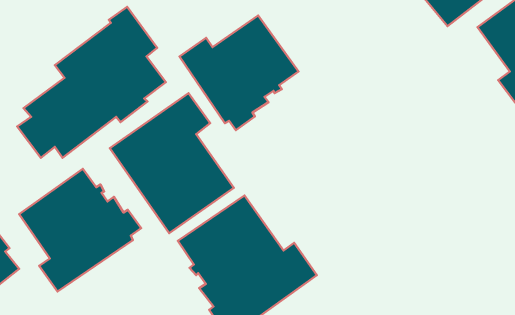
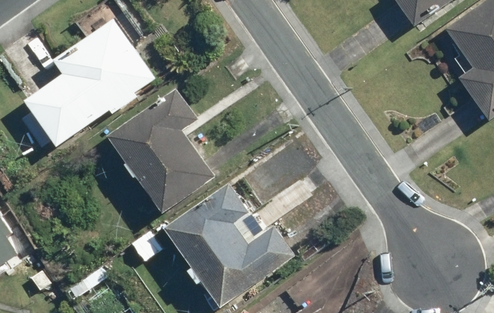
building: [179,15,299,130] -> none
building: [19,169,141,292] -> none

